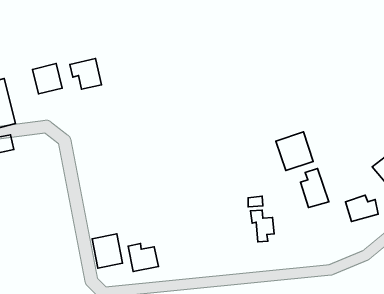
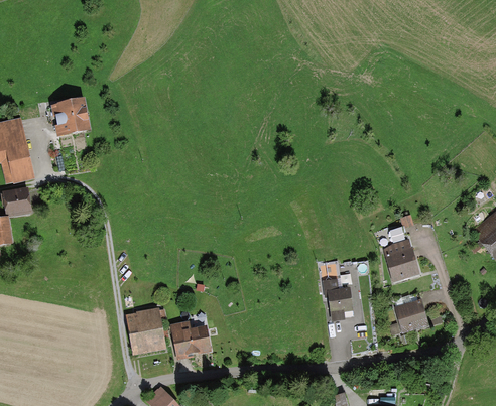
building: [70,59,101,89] -> none
building: [276,132,313,170] -> none
building: [346,195,378,221] -> [395,297,436,329]

